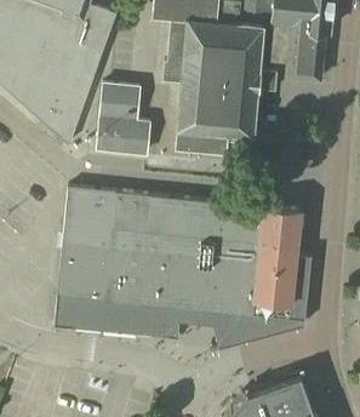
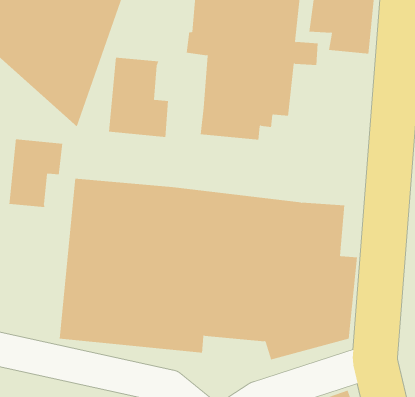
building: none -> [9,139,63,208]

